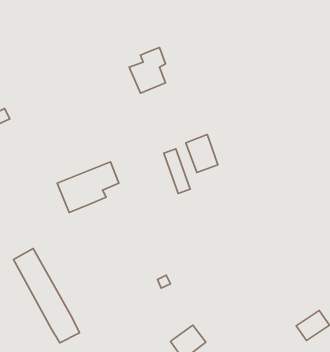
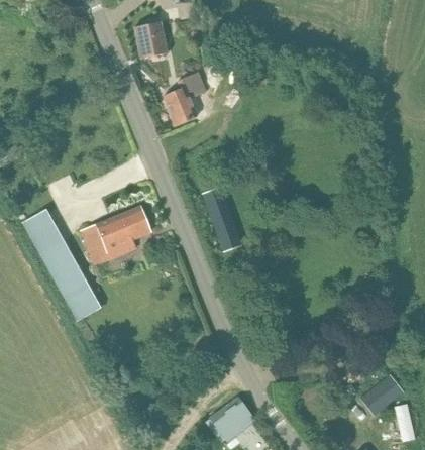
building: none -> [135,22,167,60]
building: [186,134,218,172] -> none
building: [13,248,80,343] -> [23,210,101,321]

